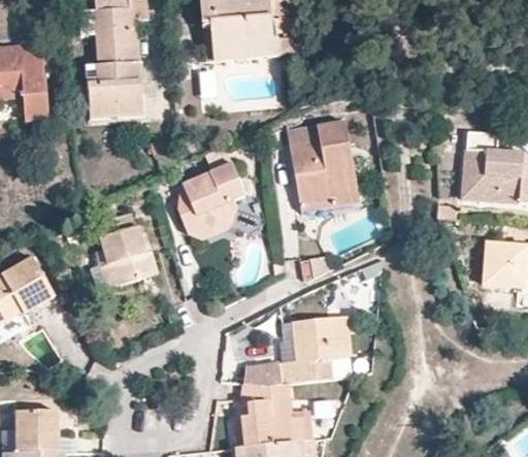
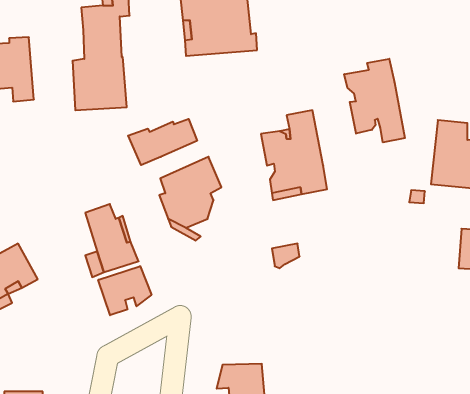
building: none -> [344,59,405,142]
building: none -> [128,119,197,165]
building: none -> [98,266,151,315]
building: [244,315,349,384] -> none

